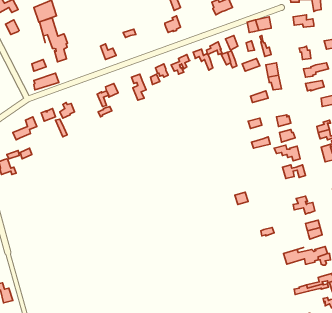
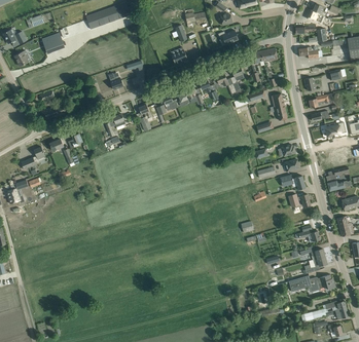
building: [40,18,67,62] -> none

